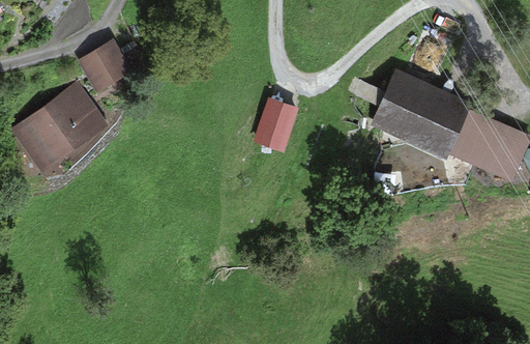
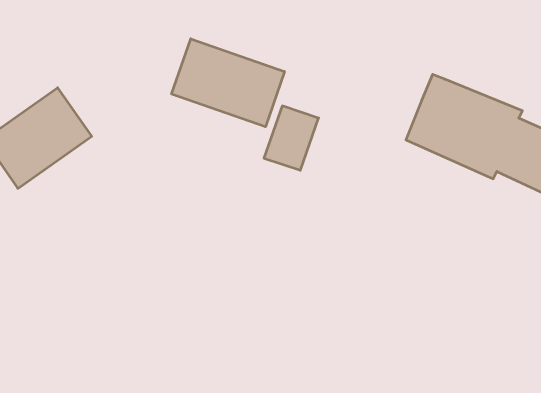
building: [78,38,132,92] -> none
building: none -> [172,39,284,127]

